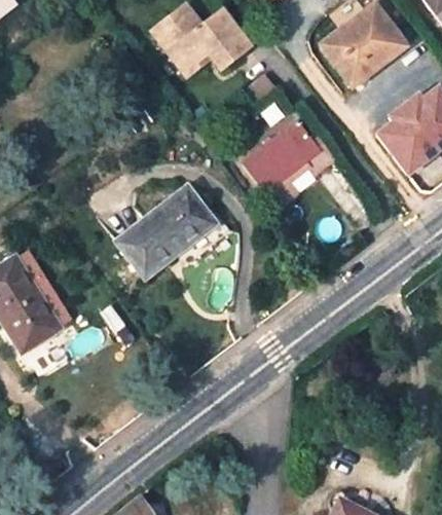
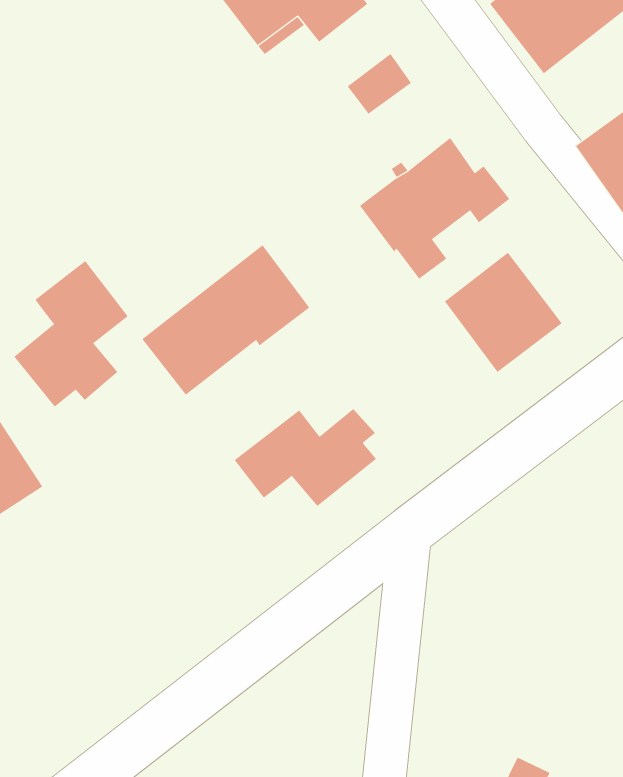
building: none -> [444,252,562,373]
building: none -> [13,260,128,408]
building: none -> [234,408,377,507]

